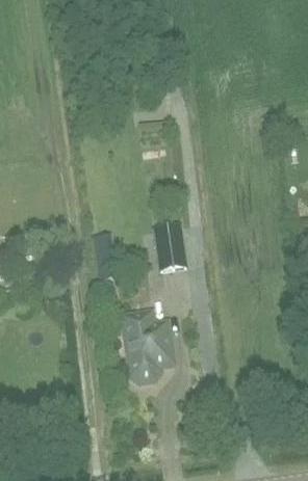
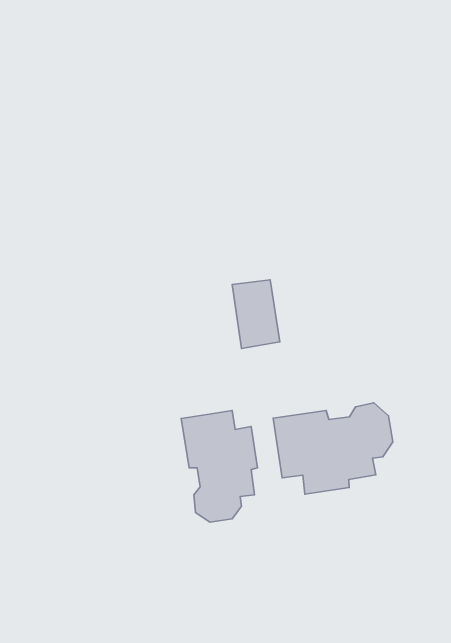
building: none -> [273,403,393,494]

